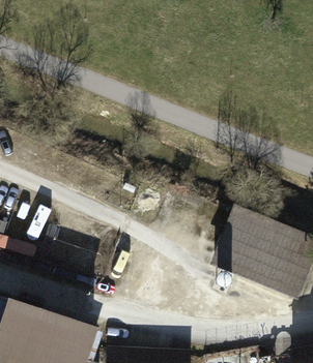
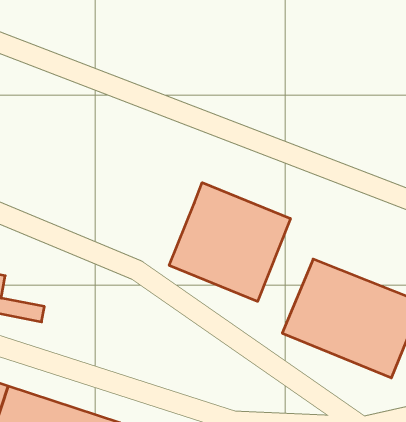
building: none -> [169,183,290,301]

